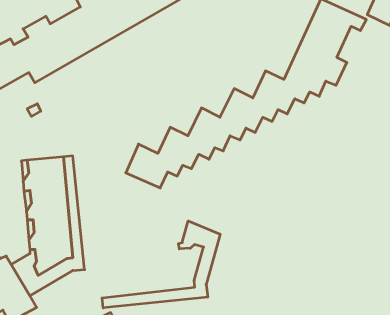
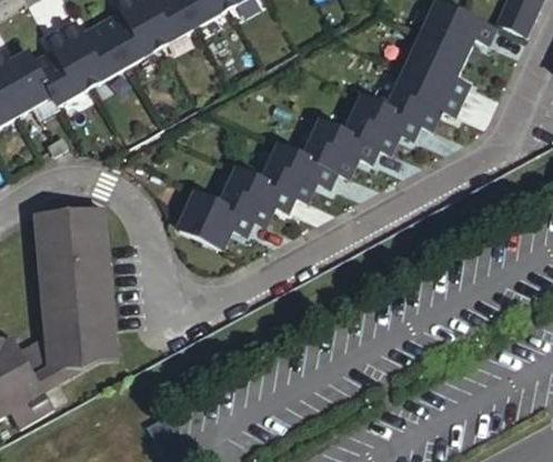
building: [102,221,220,308] -> none

